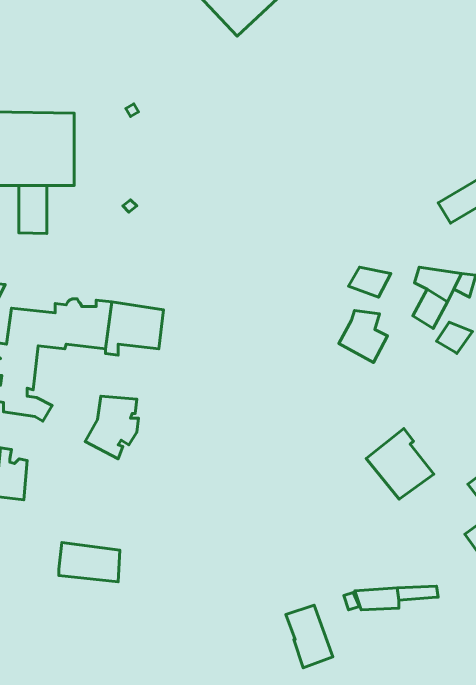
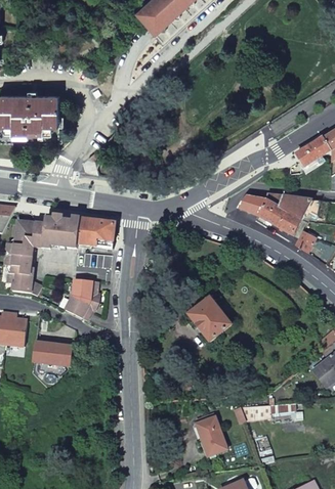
building: [19,186,47,233] -> none
building: [339,311,388,362] -> [256,192,288,226]
building: [366,429,434,499] -> [187,294,232,340]
building: [59,542,120,582] -> [33,340,73,365]

